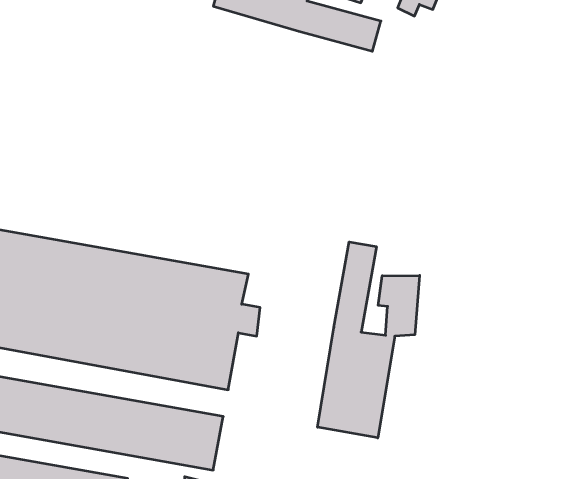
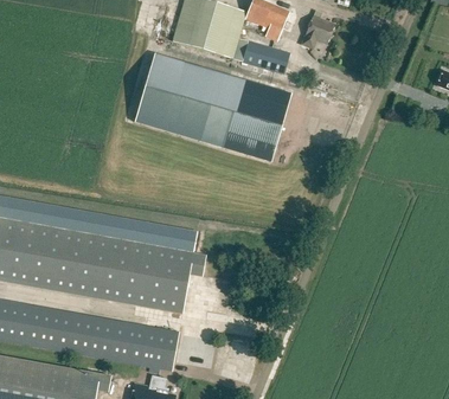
building: none -> [134,53,291,161]
building: [318,242,420,438] -> none

